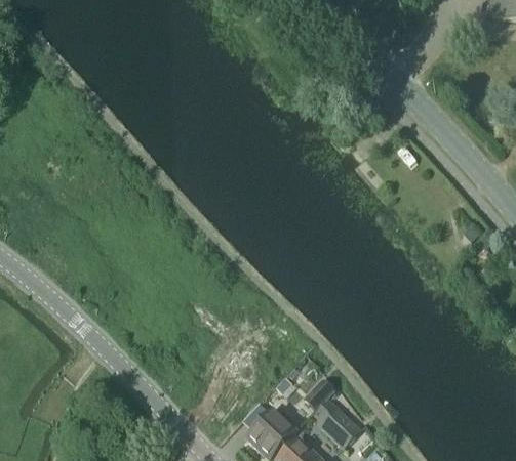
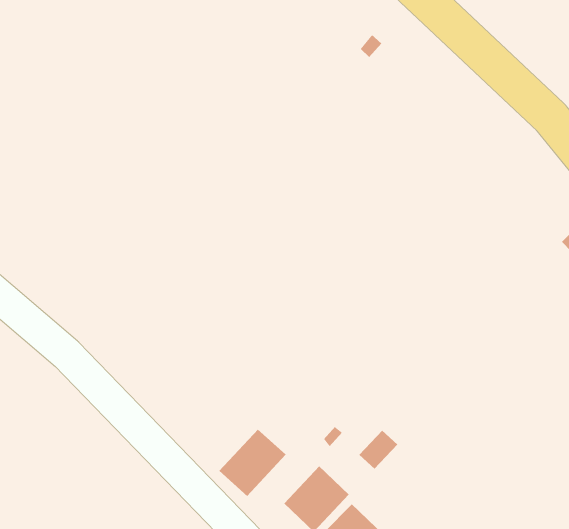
building: none -> [219,429,286,497]
building: [316,399,361,447] -> none

